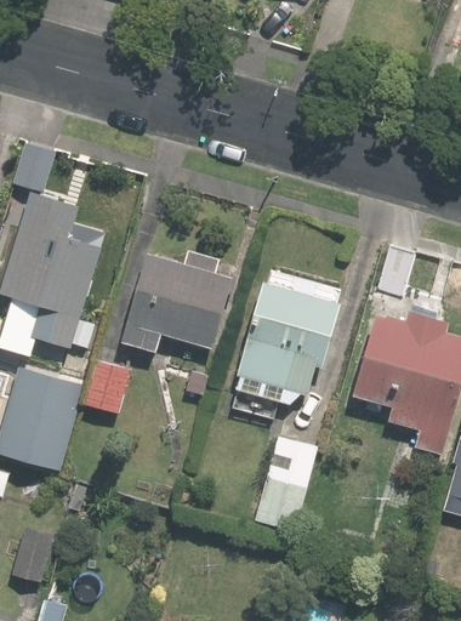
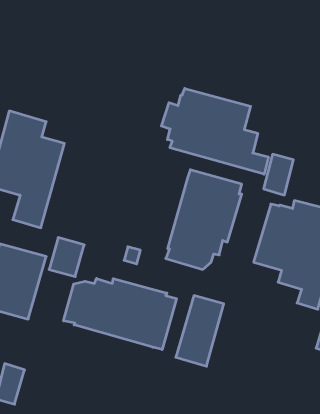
building: none -> [161,88,268,174]
building: [124,250,234,349] -> none
building: none -> [64,278,177,350]

